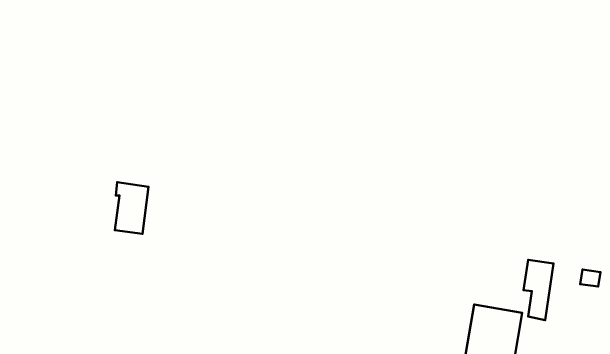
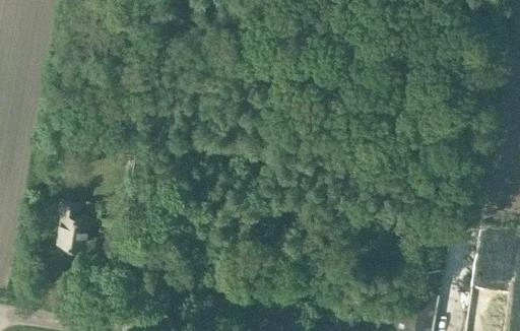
building: [115,182,149,234] -> [60,207,88,251]

